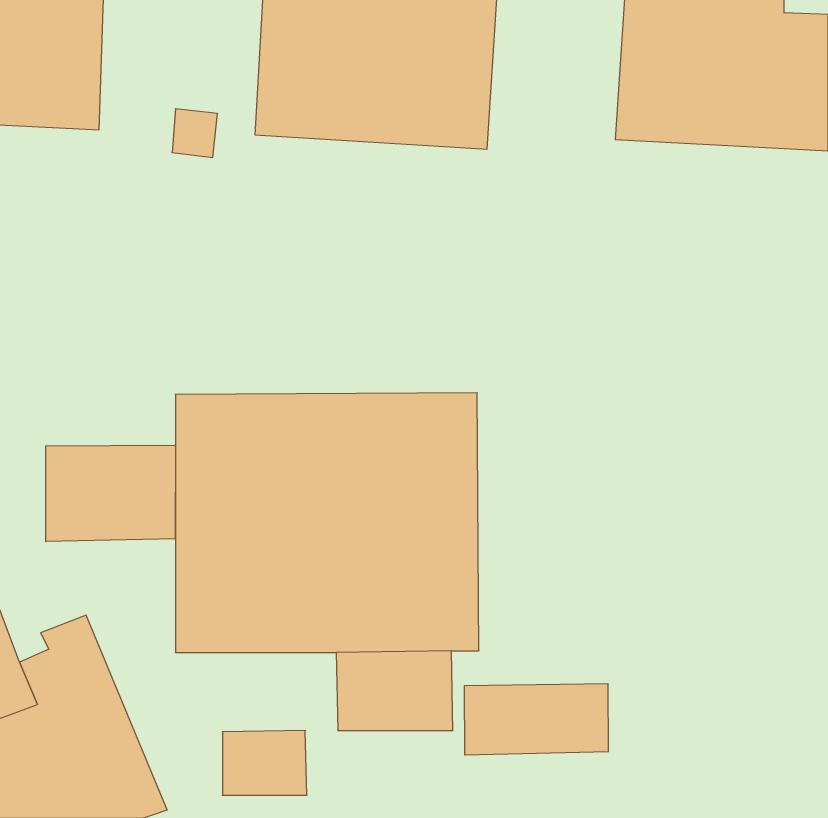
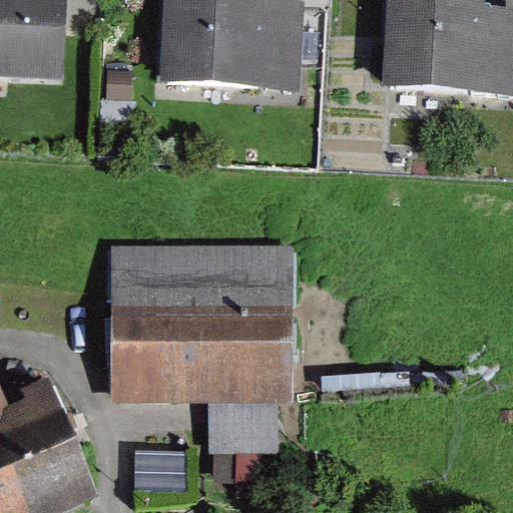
building: [46,445,175,542] -> none
building: [465,684,608,755] -> none

